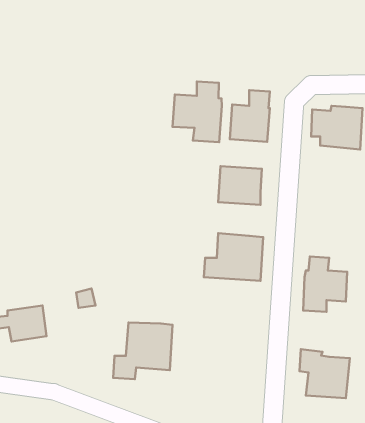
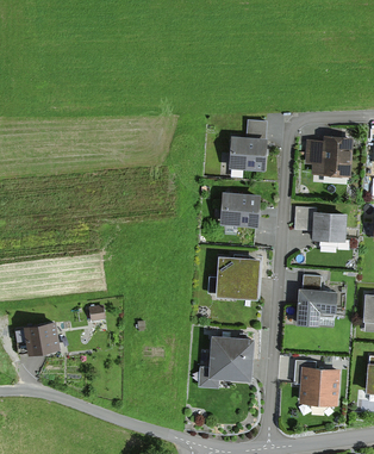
building: [173,82,222,142] -> none
building: none -> [295,209,347,247]
building: [113,322,172,379] -> [199,336,254,388]

